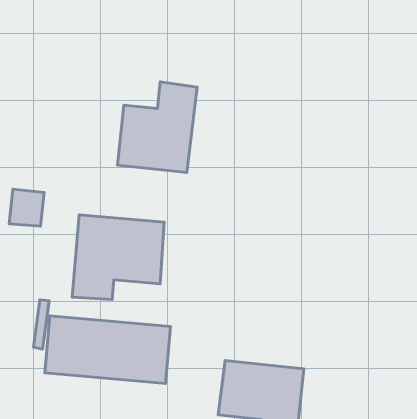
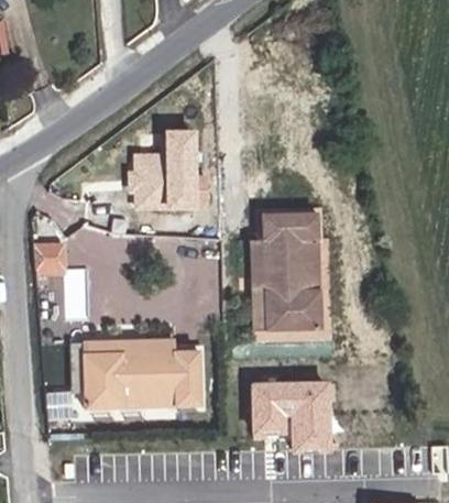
building: none -> [262,217,319,331]
building: [72,215,164,299] -> none

